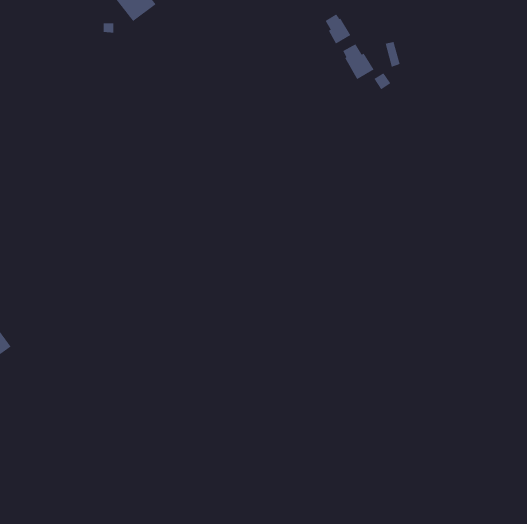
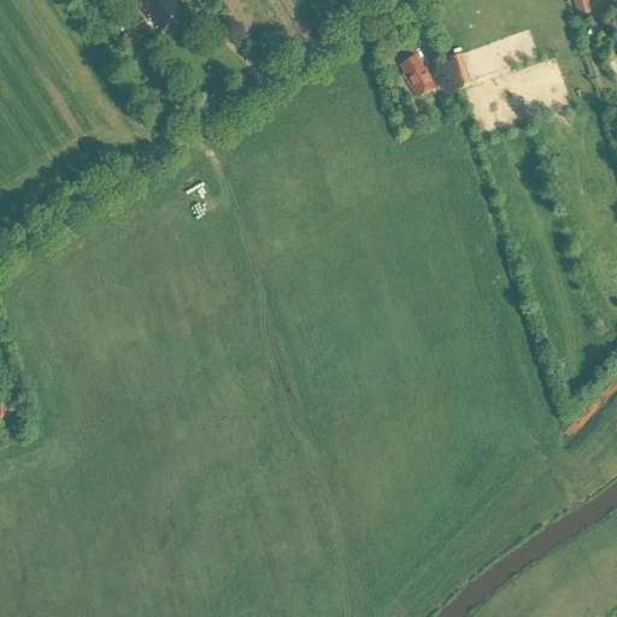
building: [325,13,351,44] -> none

